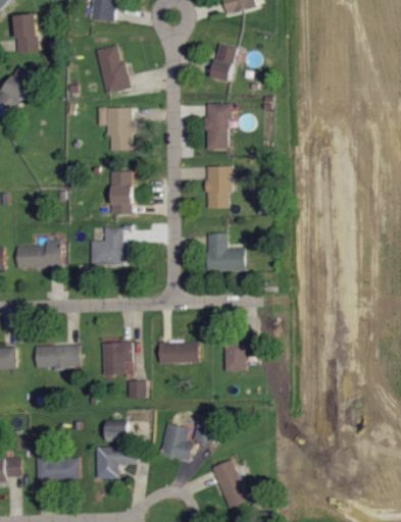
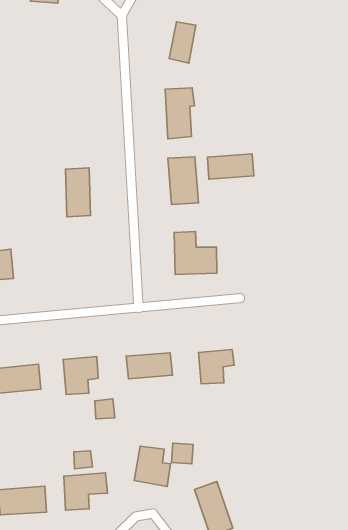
building: [96,45,128,93] -> none
building: [97,108,133,151] -> none
building: none -> [207,154,254,179]
building: [90,227,123,264] -> none

